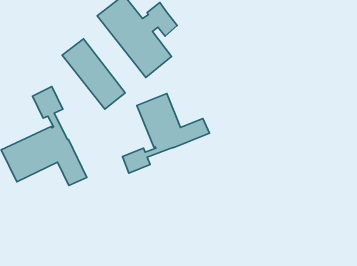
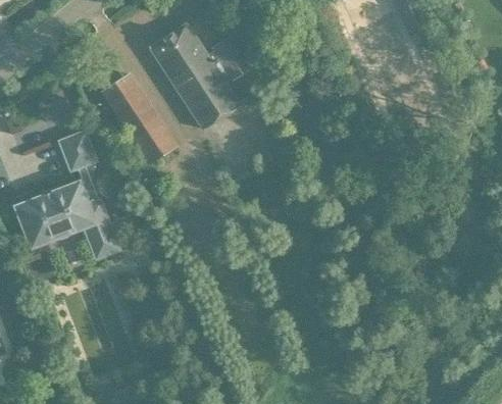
building: [123,93,209,173] -> none

